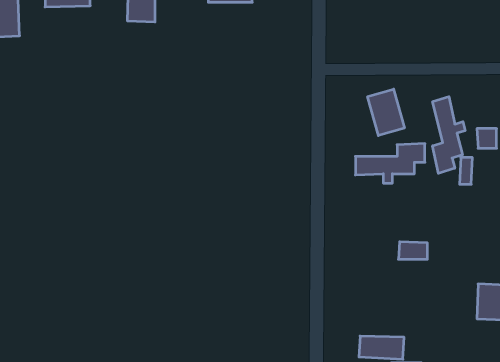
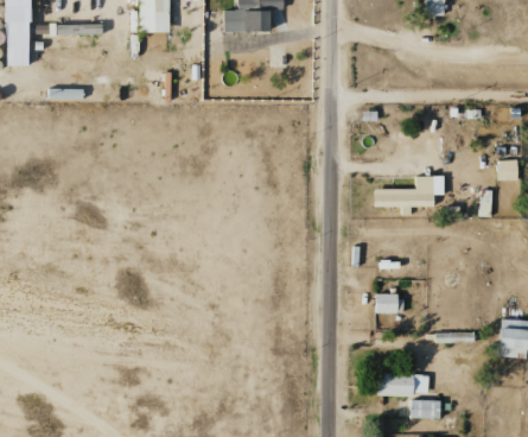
building: [368,89,404,136] -> none
building: [433,97,465,173] -> none
building: [398,242,427,259] -> [375,294,405,312]

